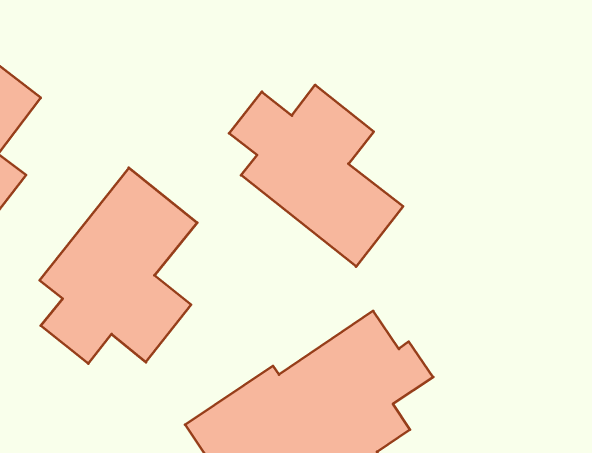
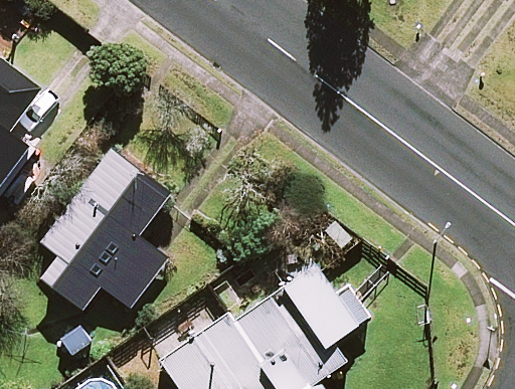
building: [229,85,403,267] -> none

